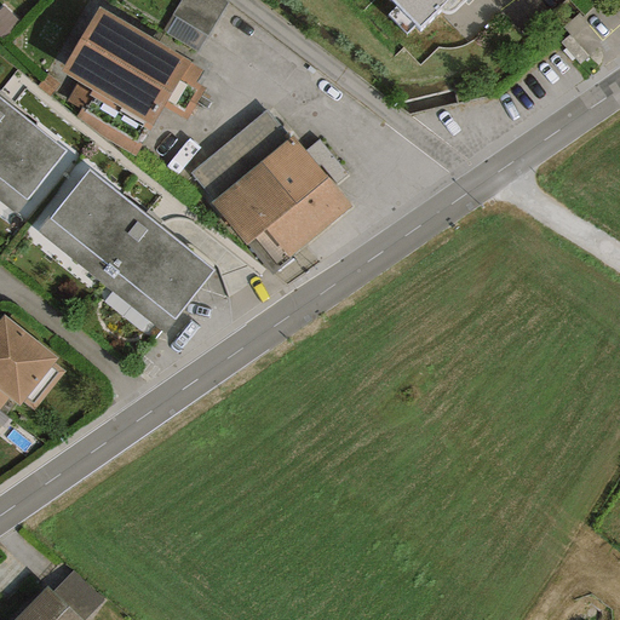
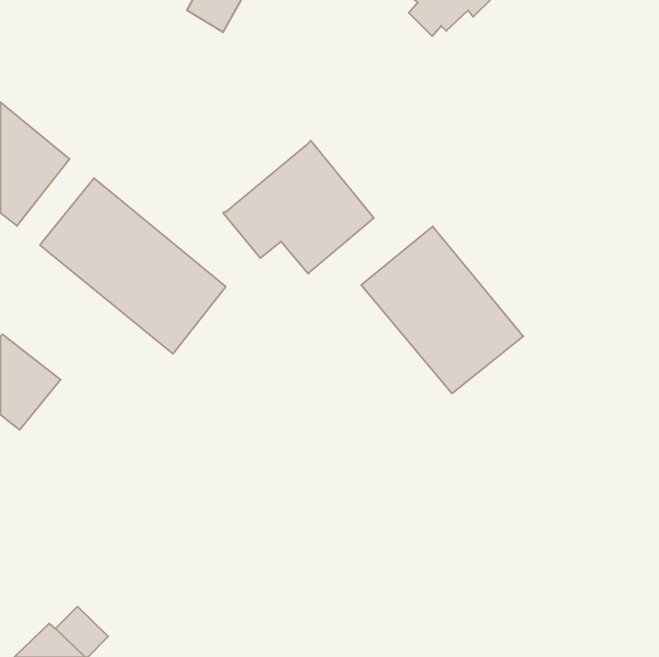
building: [57,5,205,127] -> none
building: [189,109,288,199] -> none
building: none -> [361,226,523,393]

